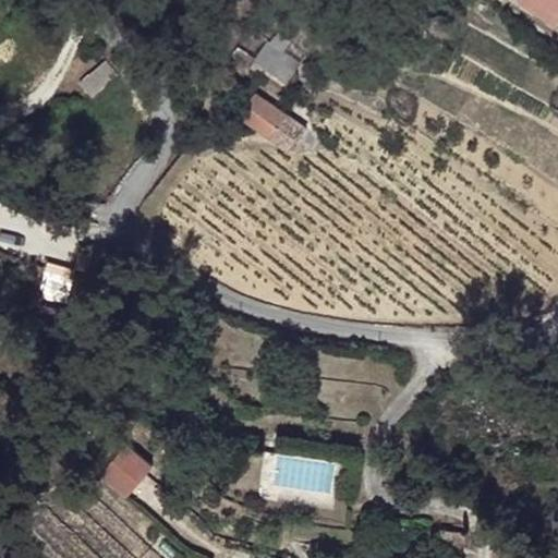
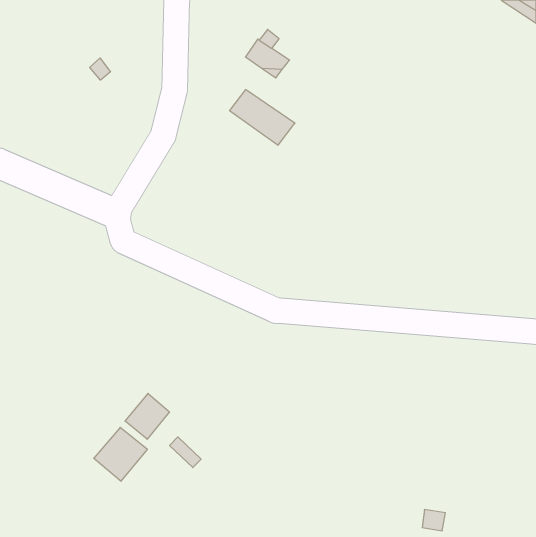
building: none -> [125,393,169,439]

